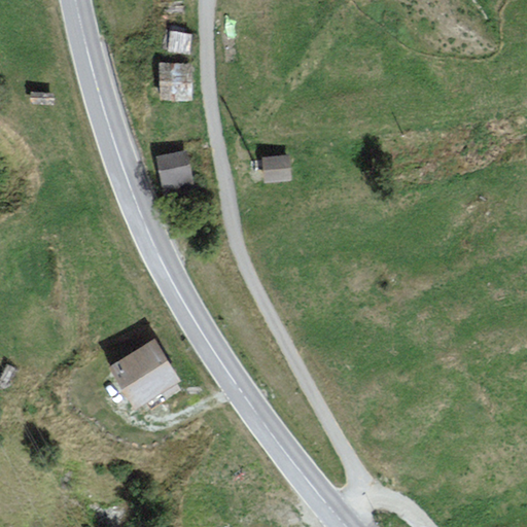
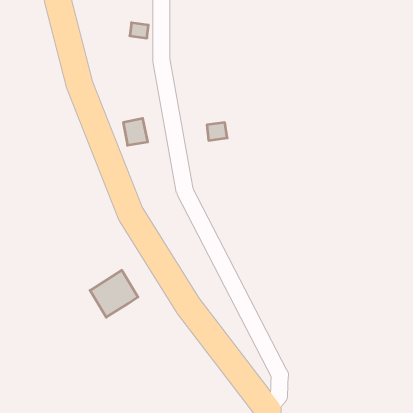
building: [161,64,188,95] -> none

